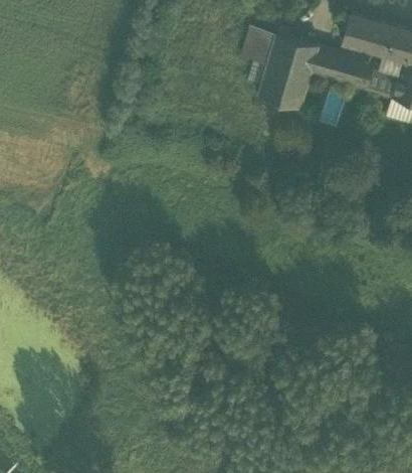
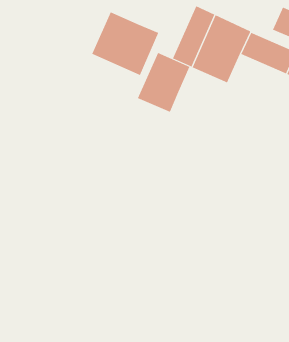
building: none -> [92,12,159,76]
building: none -> [137,52,190,112]

